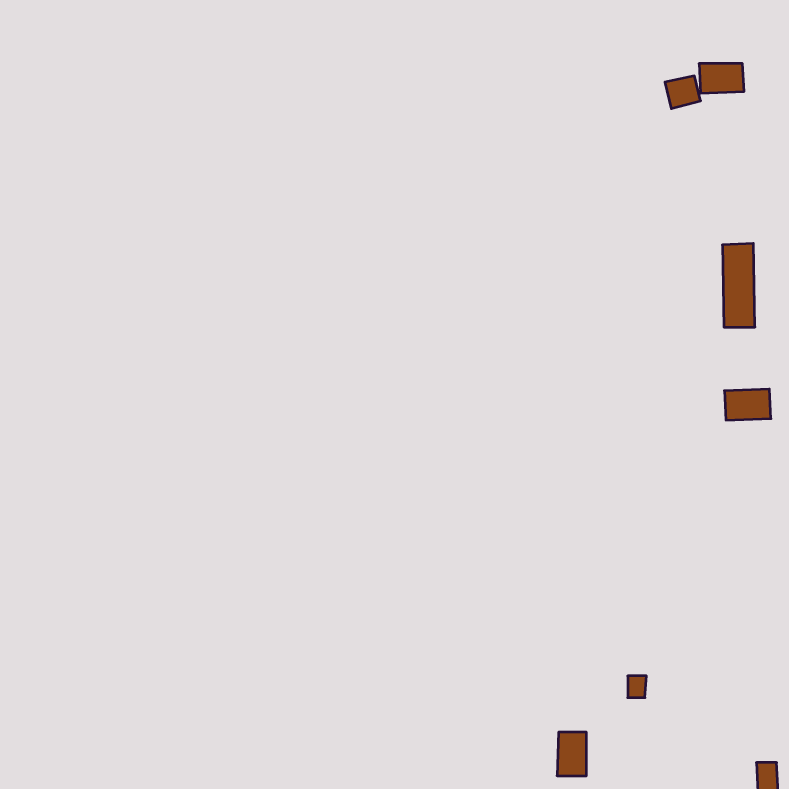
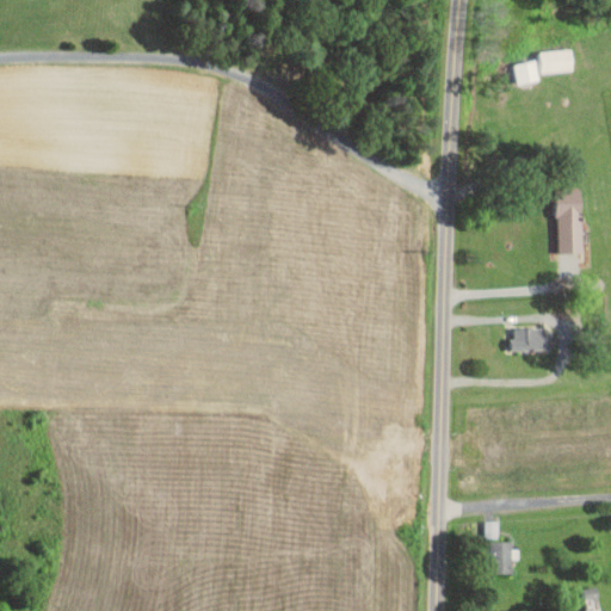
building: [724,389,771,420] -> [510,328,545,352]
building: [557,732,586,776] -> [488,542,511,575]

